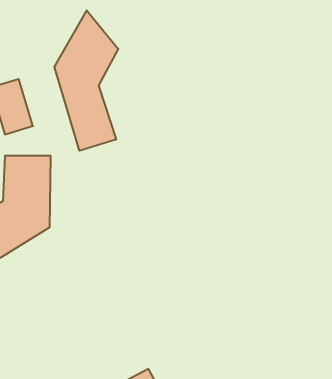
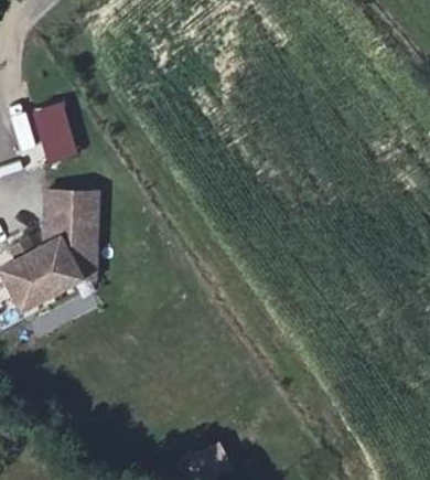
building: [54,10,118,151] -> none

